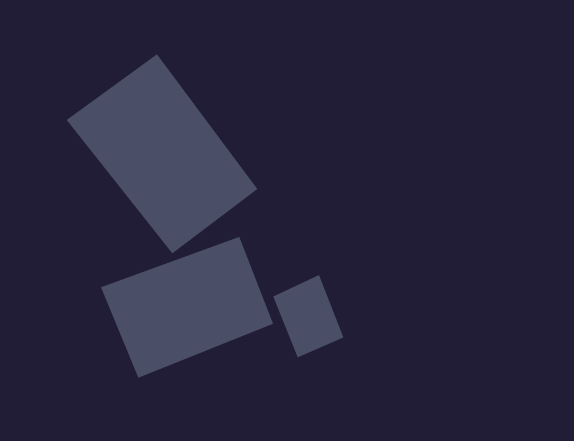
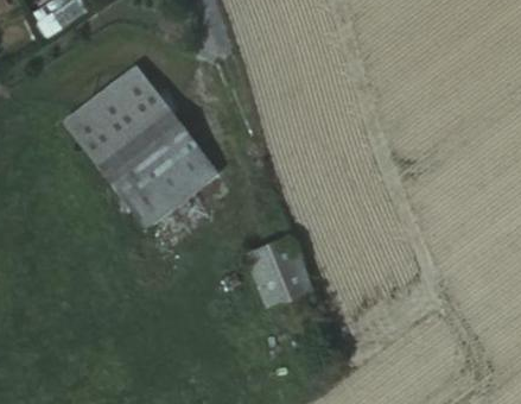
building: [100,236,274,379] -> none

